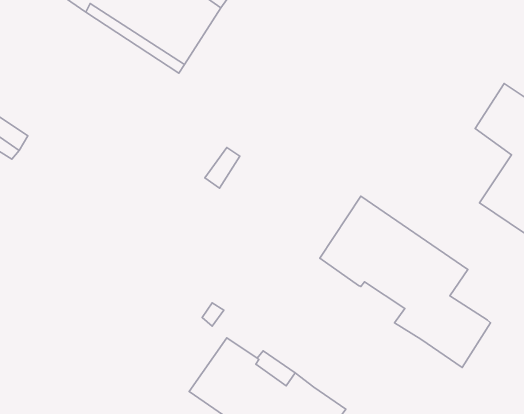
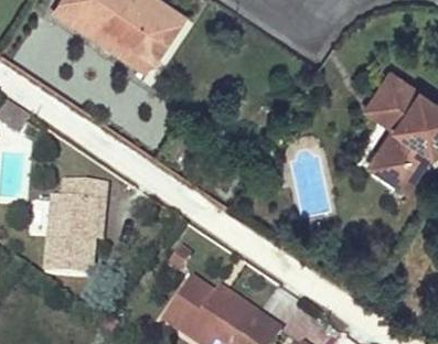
building: [320,196,490,367] -> none
building: none -> [46,176,108,273]

